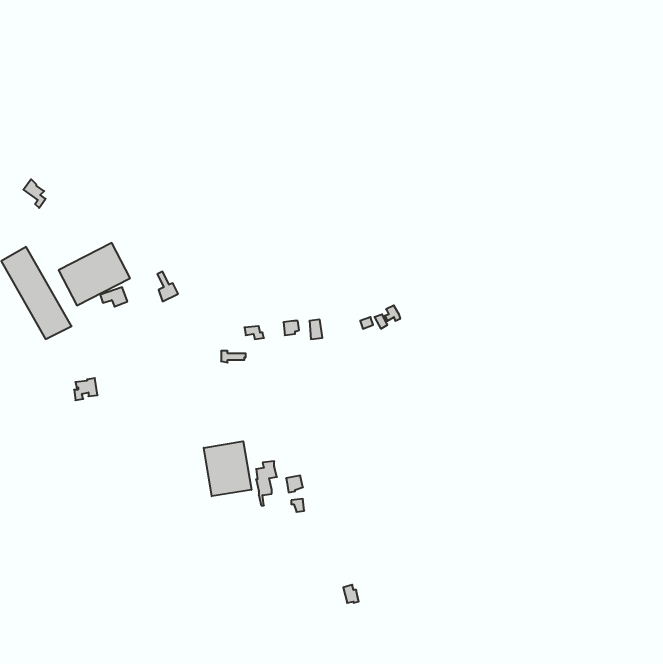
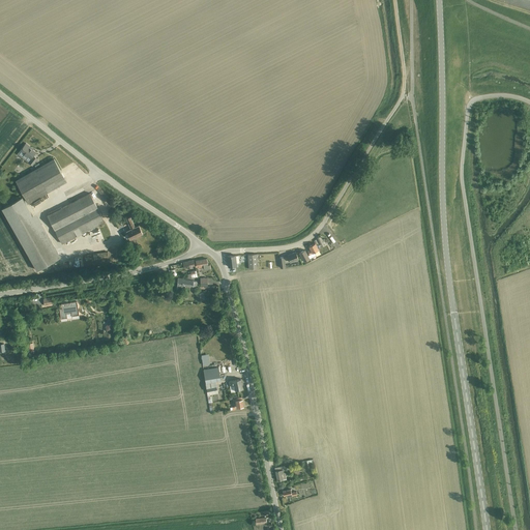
building: none -> [16,159,66,203]
building: [204,441,251,496] -> none

